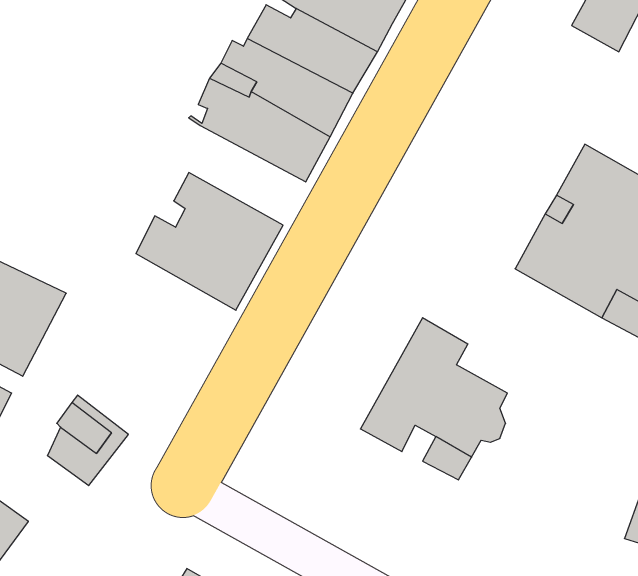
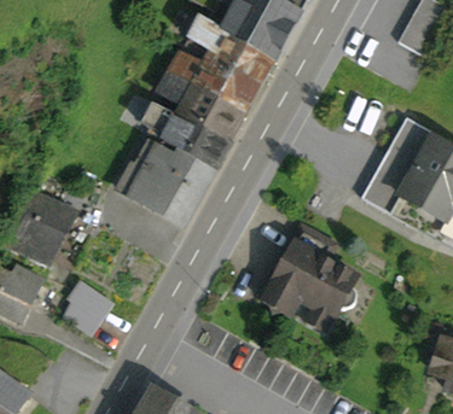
building: none -> [141,100,227,169]

